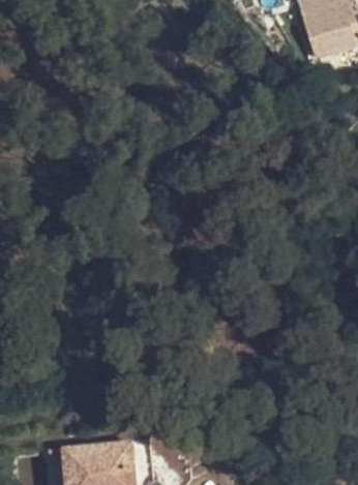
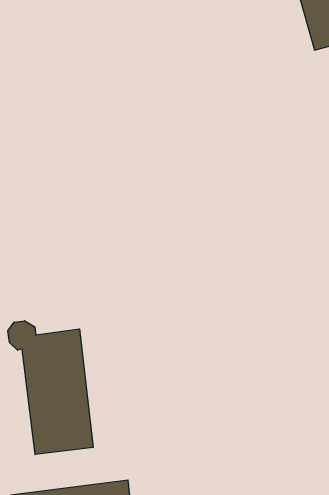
building: none -> [8,321,93,455]

